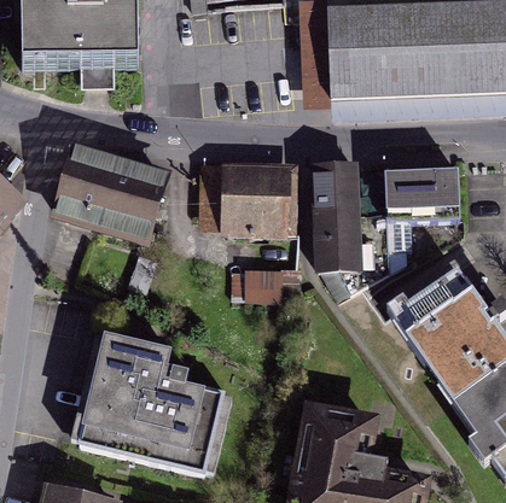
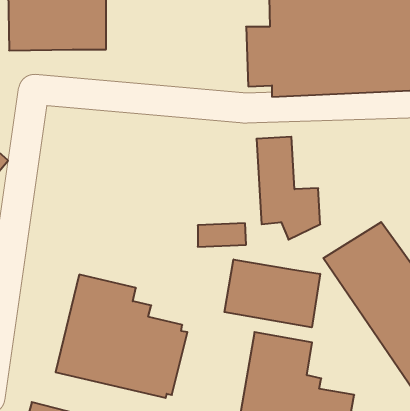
building: [57,144,167,239] -> none
building: [213,166,286,235] -> none
building: [388,168,461,222] -> none
building: none -> [224,259,320,327]

